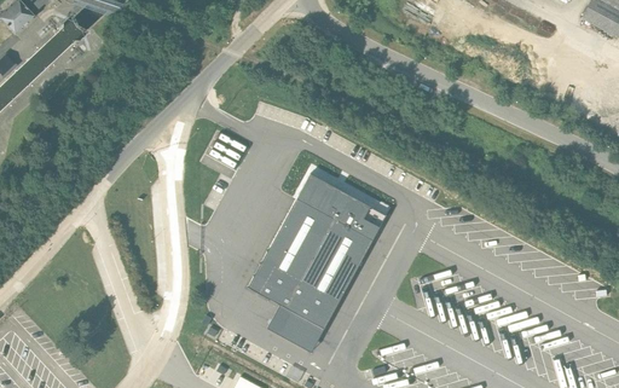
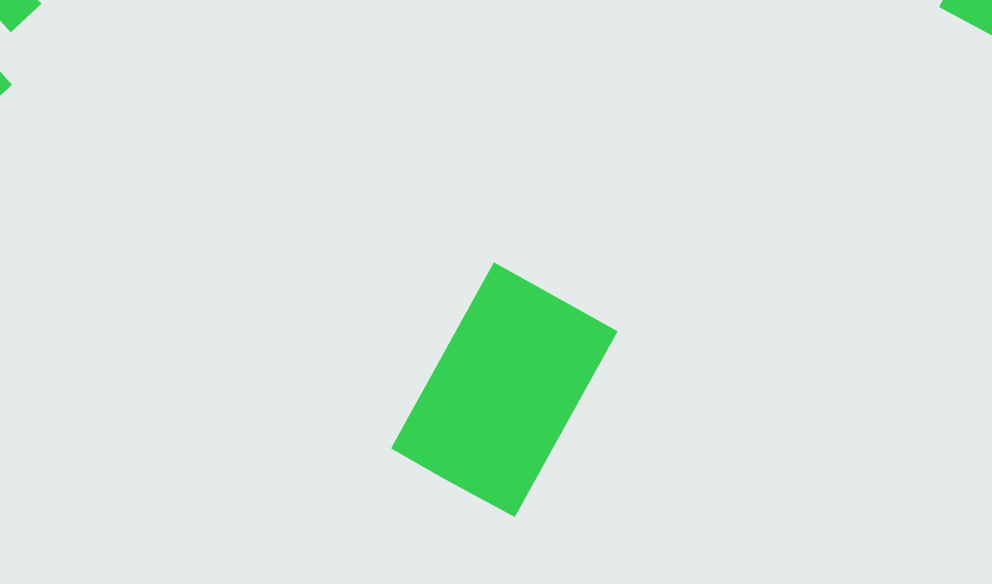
building: [267,305,324,352] -> none

